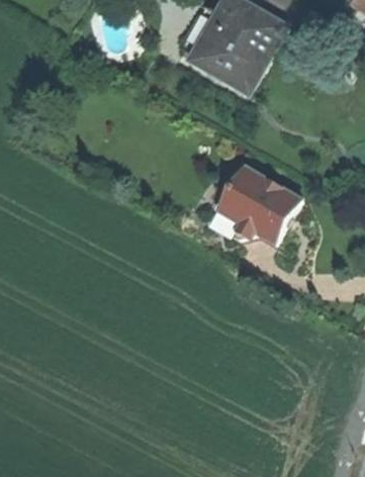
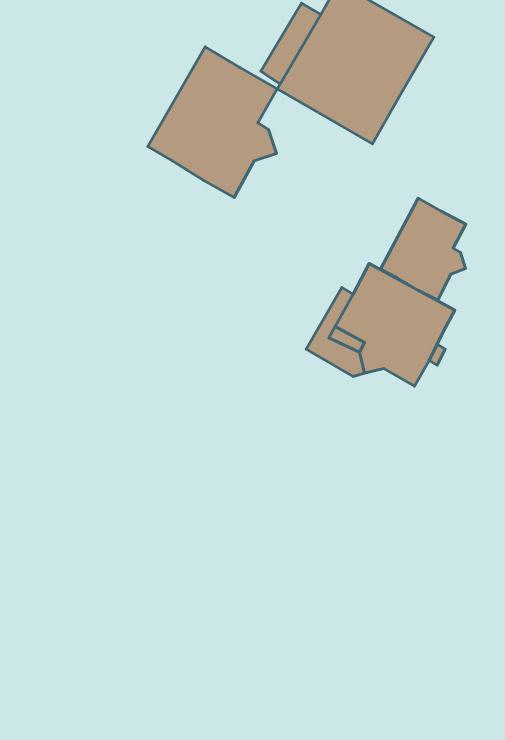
building: none -> [148,47,277,197]
building: none -> [381,198,466,300]

